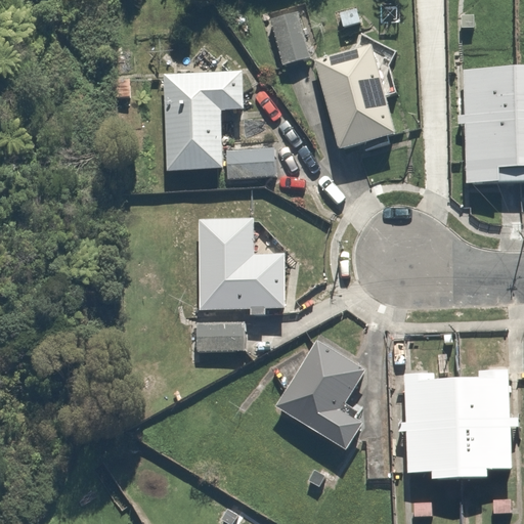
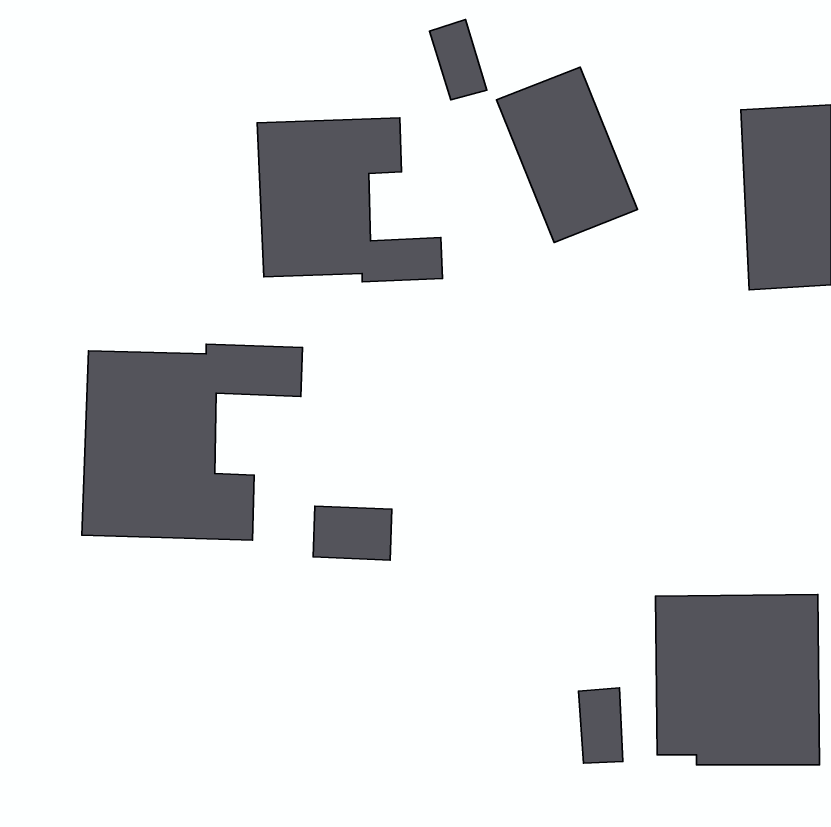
building: none -> [82,344,302,540]
building: [199,219,285,311] -> none
building: [270,339,366,451] -> none

